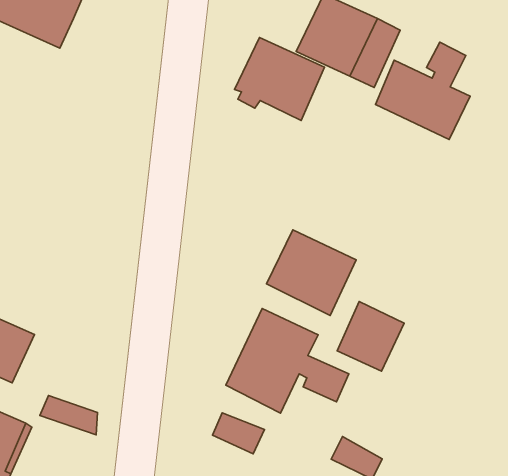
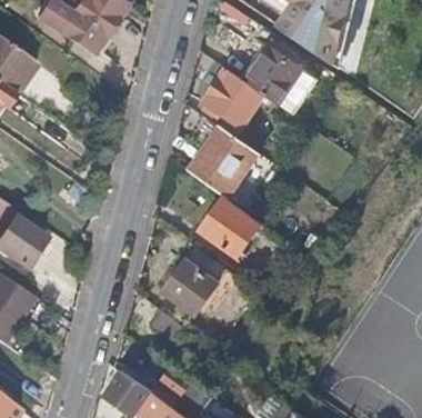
building: [375,42,470,140] -> none
building: none -> [189,126,258,196]
building: [337,302,404,371] -> none

